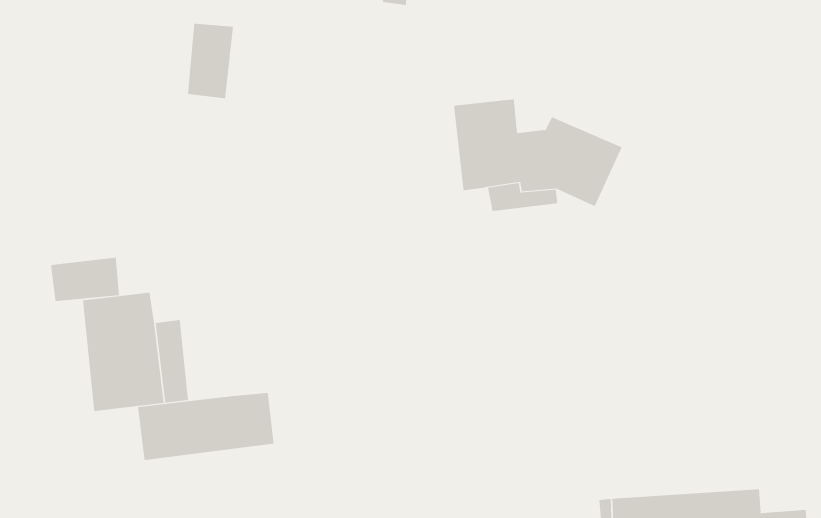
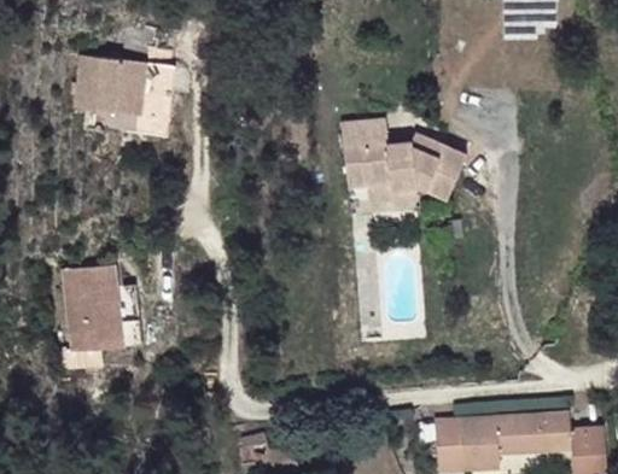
building: none -> [74,54,145,115]
building: [50,257,120,302] -> none
building: [138,392,274,461] -> none

